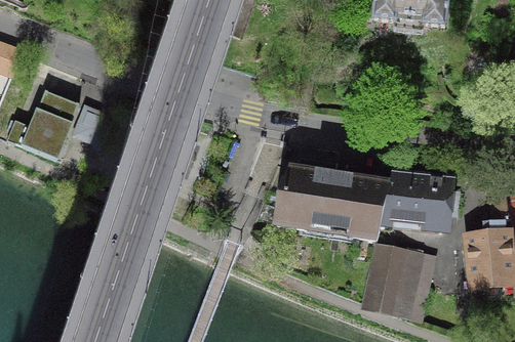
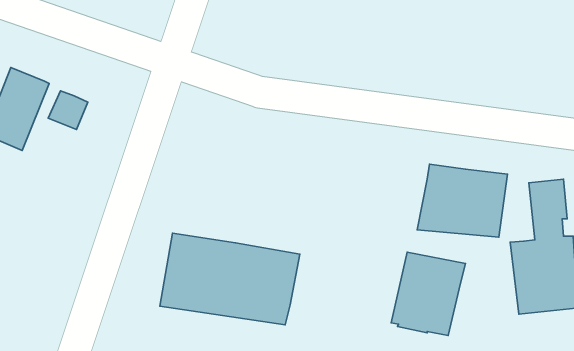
building: [275,165,391,241] -> [160,233,300,325]

